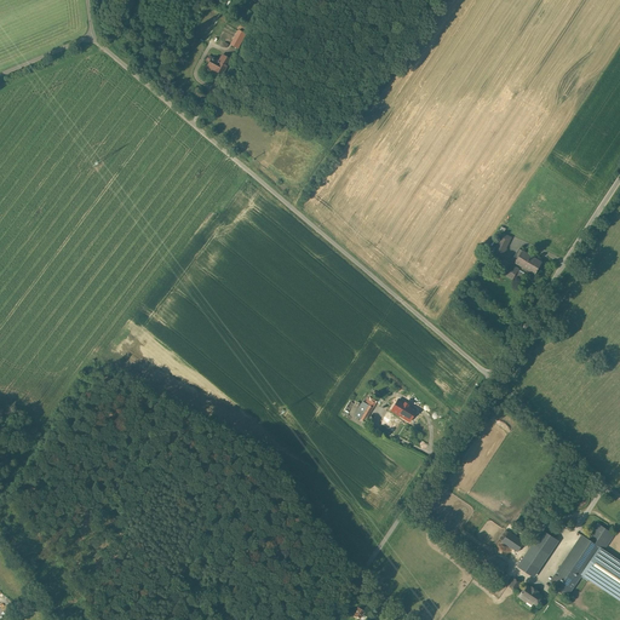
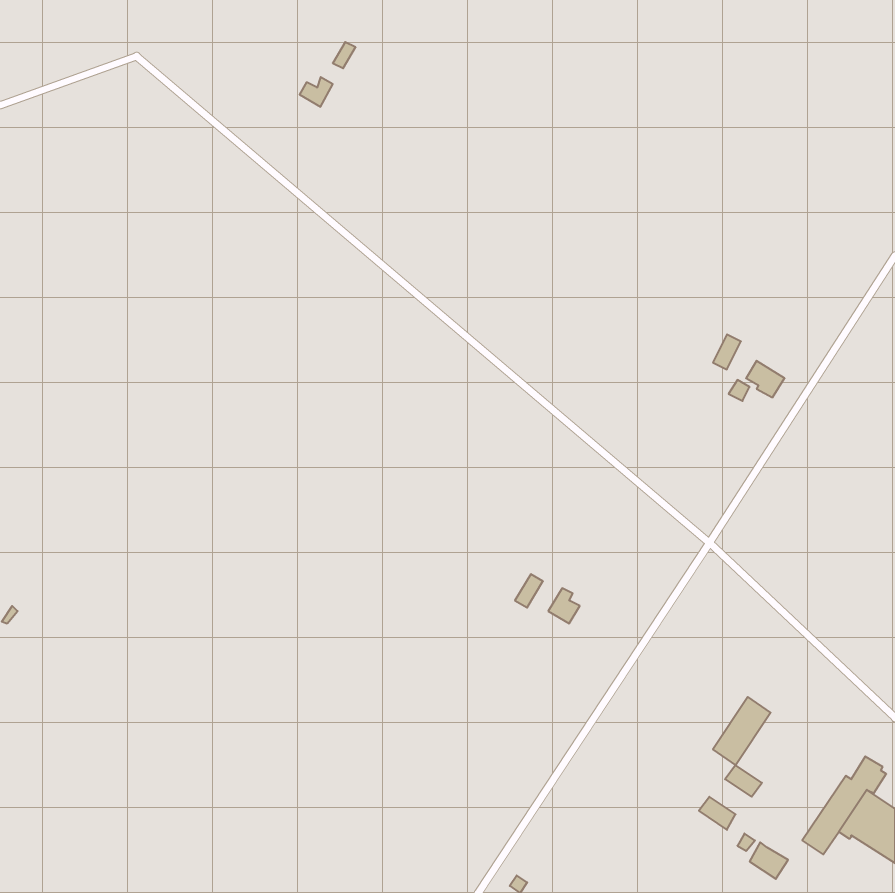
building: [518,529,558,576] -> [713,697,771,765]

